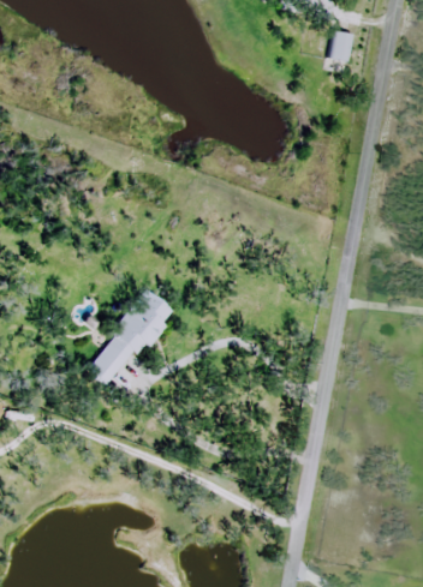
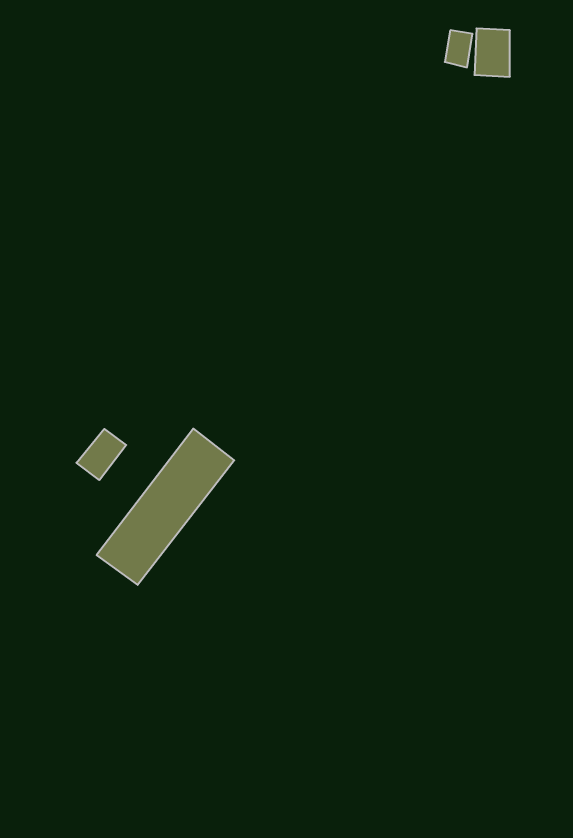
building: none -> [76,429,126,480]

